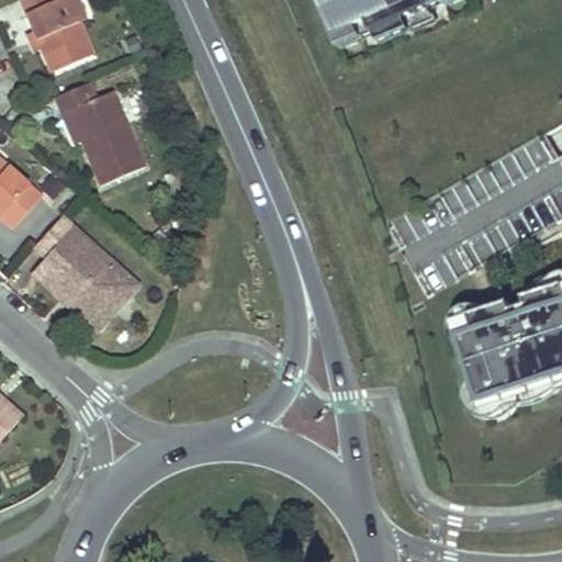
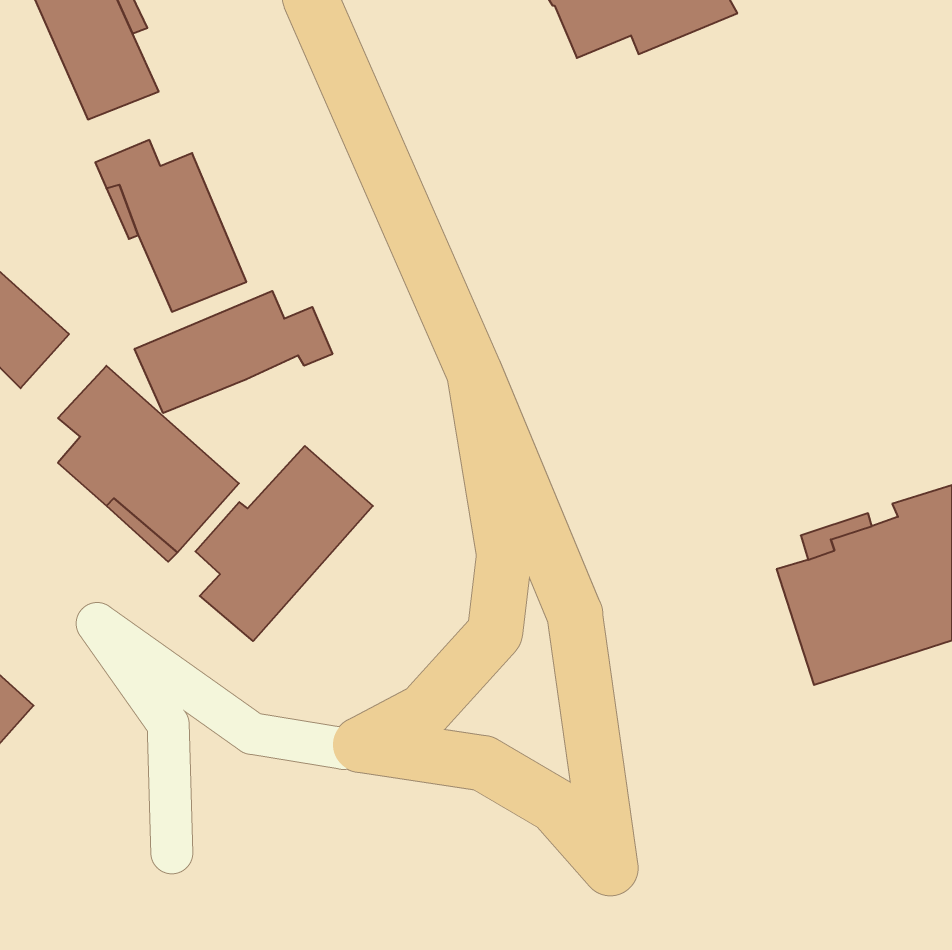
building: none -> [135,291,332,413]
building: none -> [195,446,373,641]

